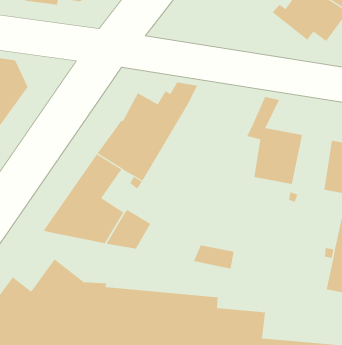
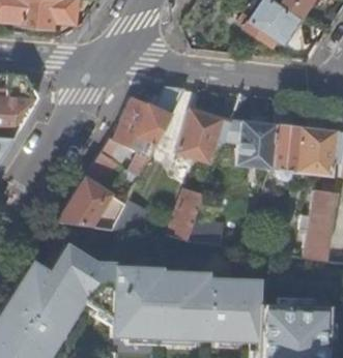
building: none -> [174,109,229,165]
building: none -> [268,125,299,179]
building: none -> [166,188,203,240]

